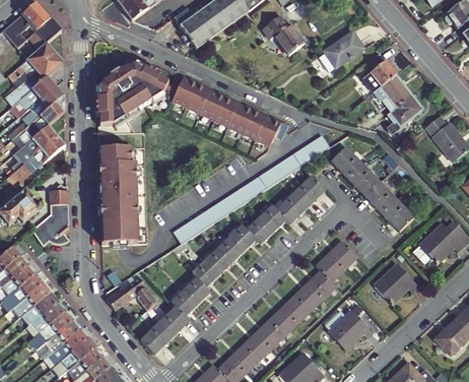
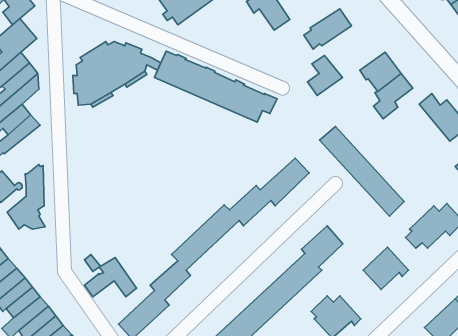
building: [362,54,396,92] -> [308,55,343,96]
building: [173,134,330,244] -> none
building: [99,148,141,245] -> none

